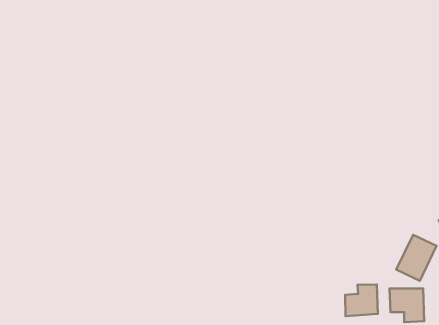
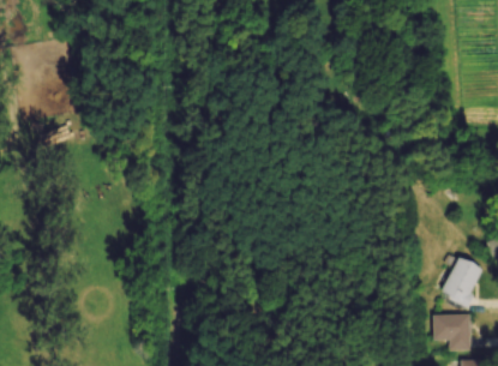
building: [345,285,378,316] -> none

